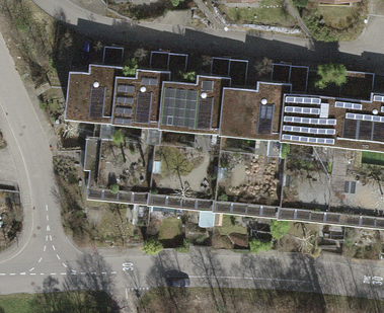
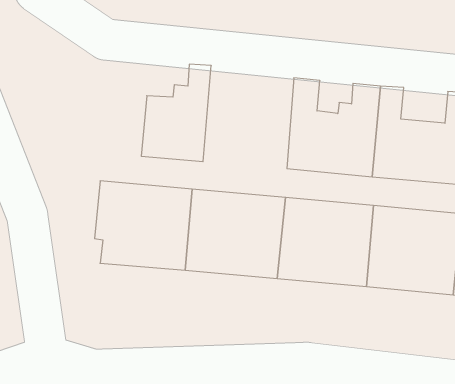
building: [65,50,122,123] -> none
building: [161,56,228,132] -> none

